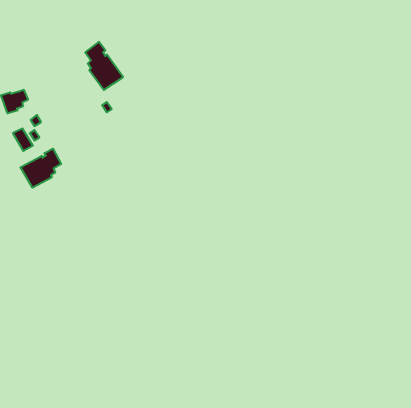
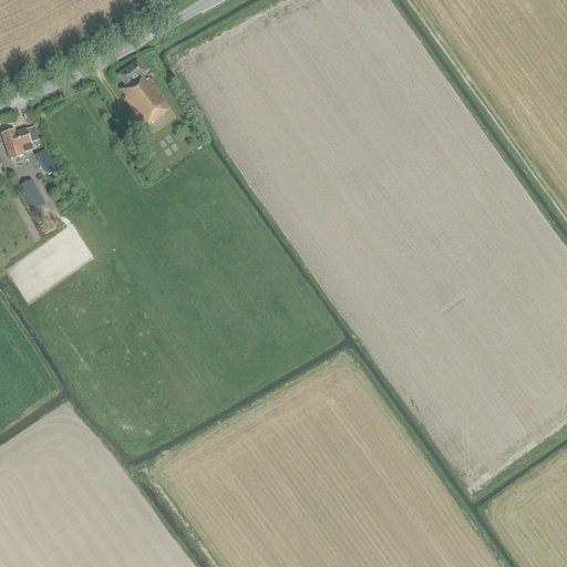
building: [20,149,61,188] -> none

